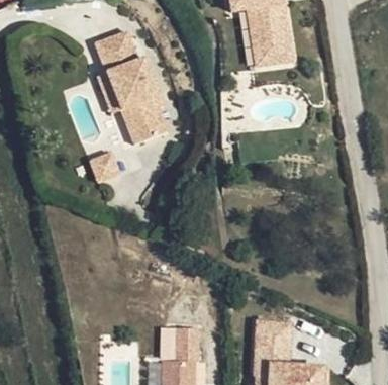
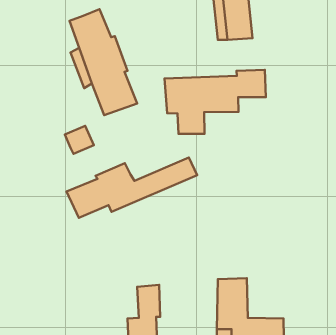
building: none -> [165,70,266,134]
building: none -> [67,158,197,218]

